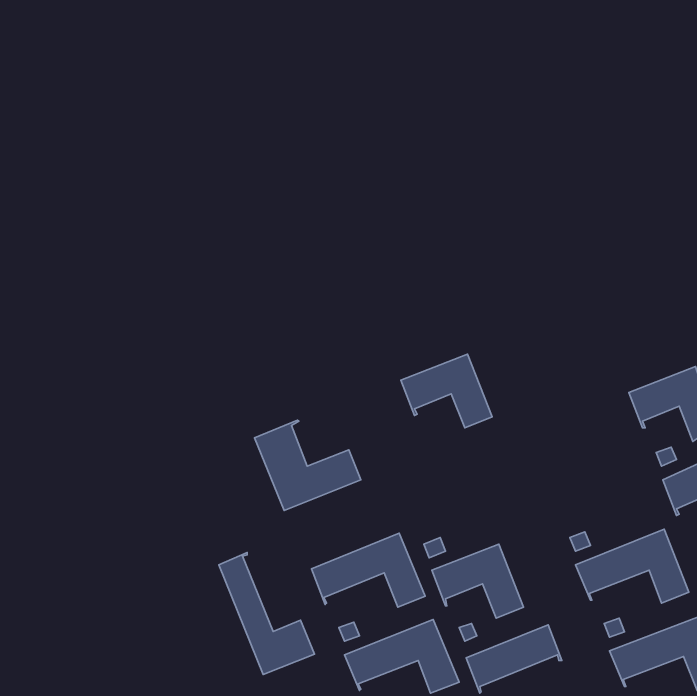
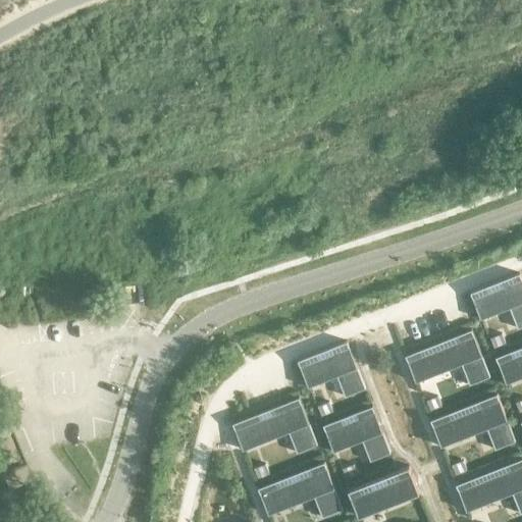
building: [401,354,492,428] -> [298,344,366,399]
building: [254,420,361,511] -> none
building: none -> [405,332,489,387]
building: [219,552,315,674] -> none

